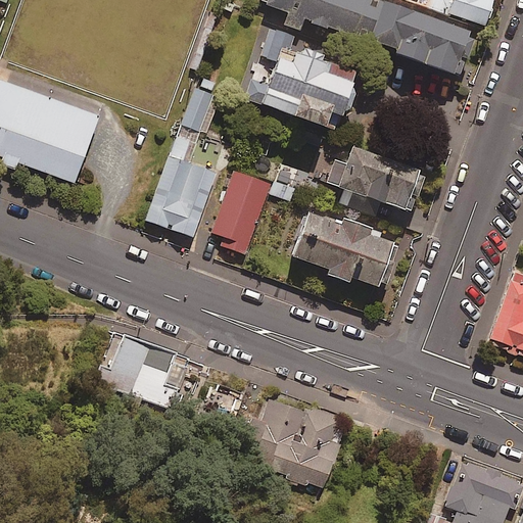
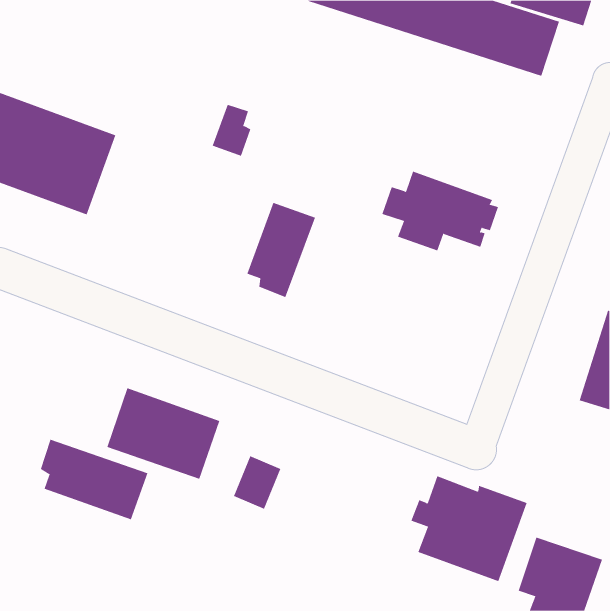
building: [245,31,360,131] -> none
building: [144,156,215,237] -> none
building: [292,211,398,287] -> none
building: none -> [40,439,148,520]
building: [244,397,344,488] -> [410,475,528,582]

